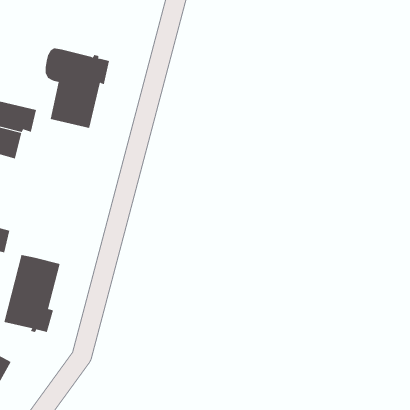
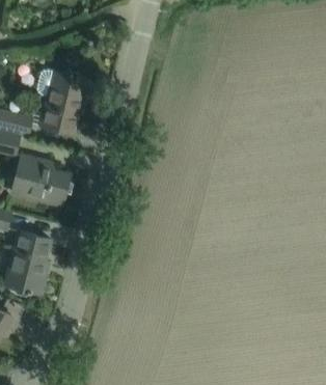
building: none -> [12,156,71,204]

